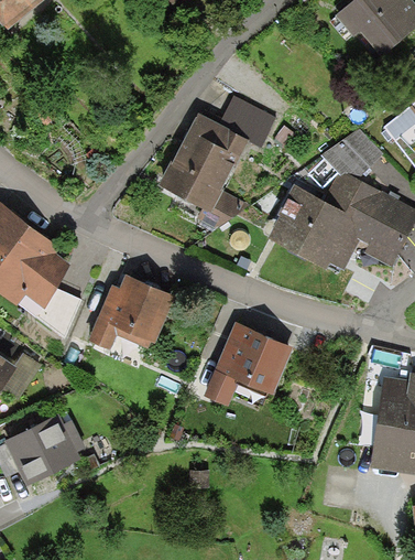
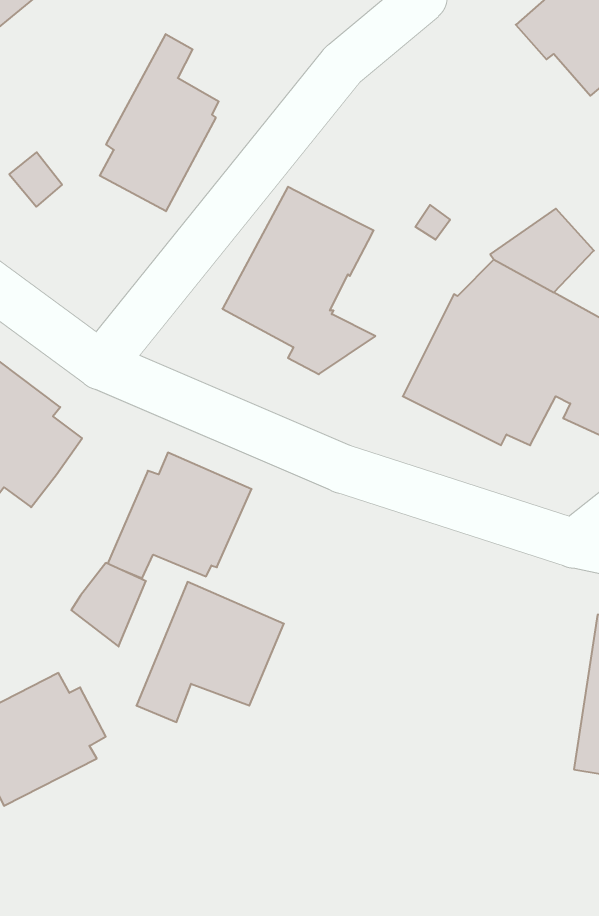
building: none -> [100,34,219,211]
building: [218,95,275,148] -> none
building: [36,288,81,338] -> [71,563,146,647]
building: [204,322,293,407] -> [136,582,284,722]

